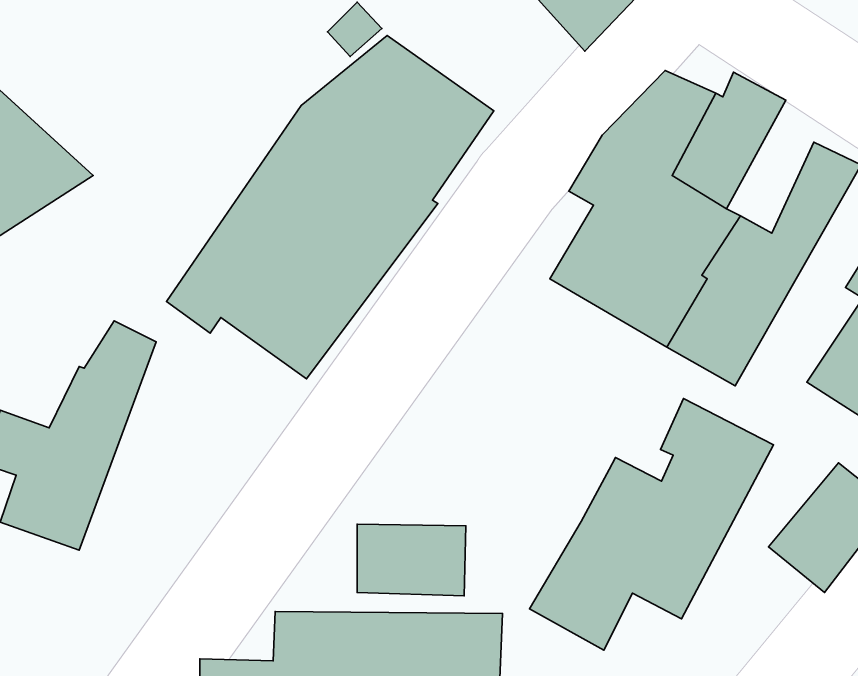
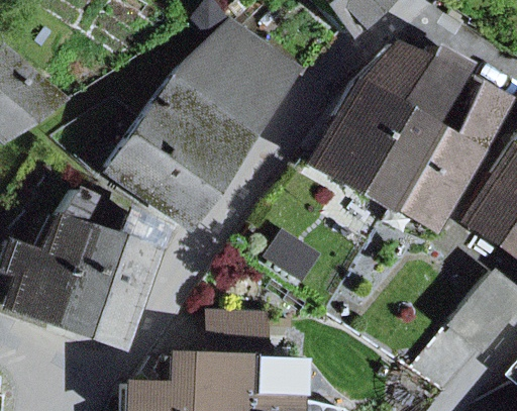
building: none -> [55,202,156,342]
building: [529,399,773,650] -> none

